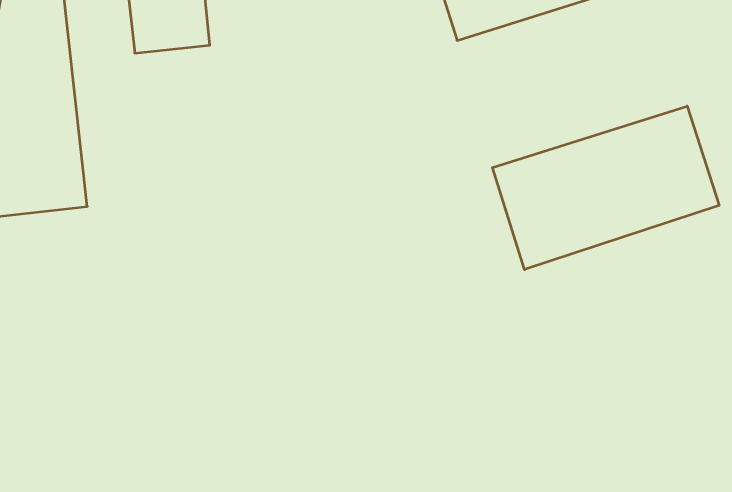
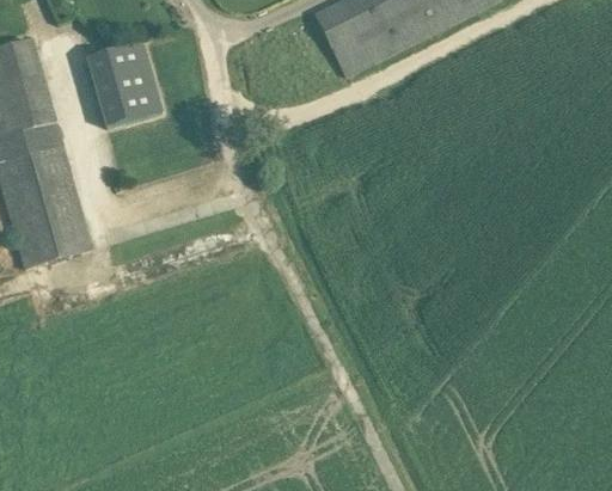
building: [492,106,719,270] -> none

